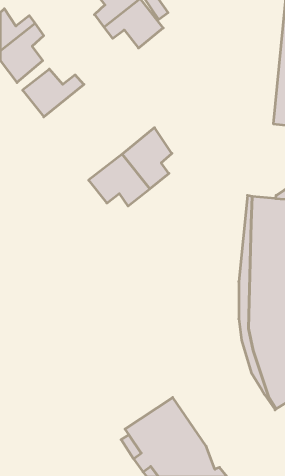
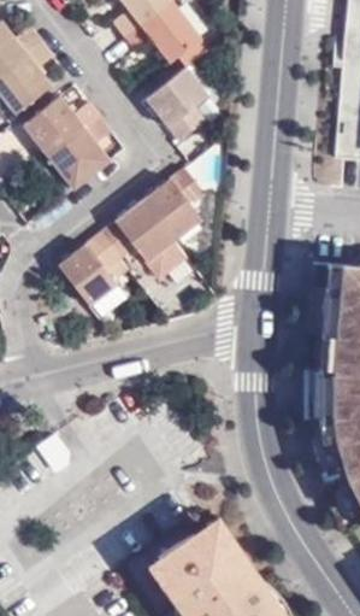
building: none -> [155,78,216,151]
building: none -> [55,122,117,194]
building: none -> [69,242,135,322]

